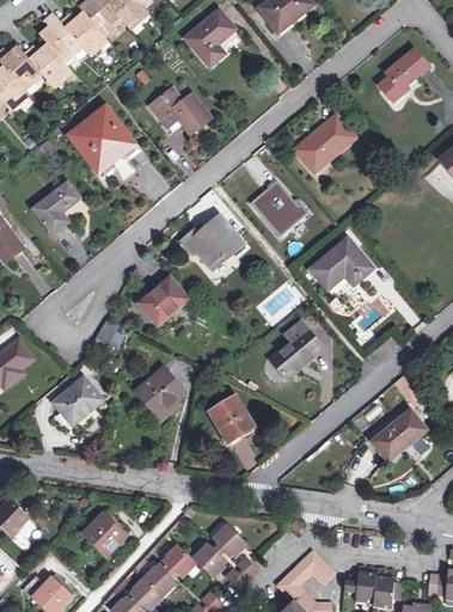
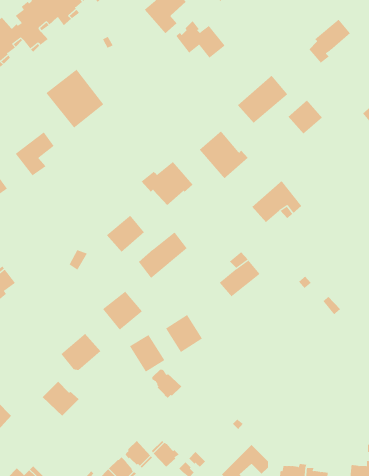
building: [151,87,209,133] -> [176,20,225,59]
building: none -> [288,100,323,134]
building: none -> [138,231,188,279]
building: [54,377,102,421] -> [61,333,101,371]
building: [371,409,426,460] -> none
building: none -> [129,334,165,373]
building: [81,514,126,556] -> [42,381,79,416]
building: [209,522,245,557] -> [152,369,182,399]

